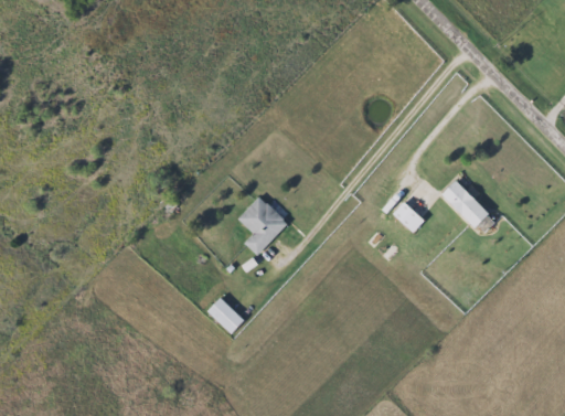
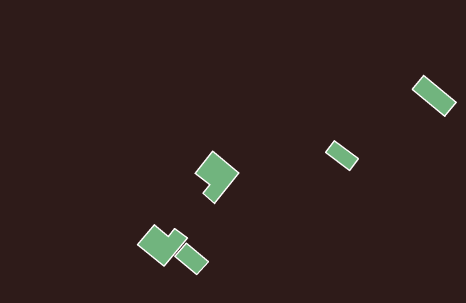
building: [440,180,489,228] -> [412,75,456,116]
building: none -> [138,225,187,266]

